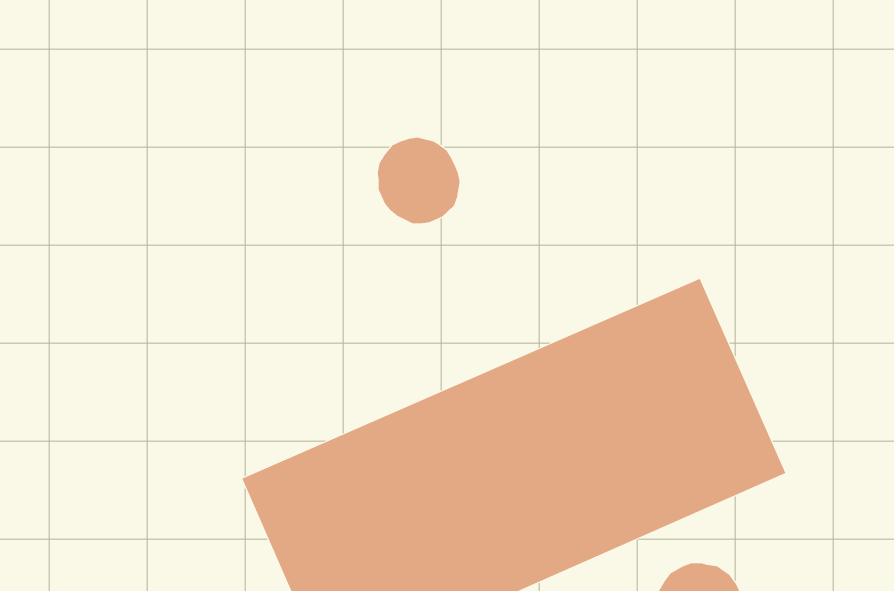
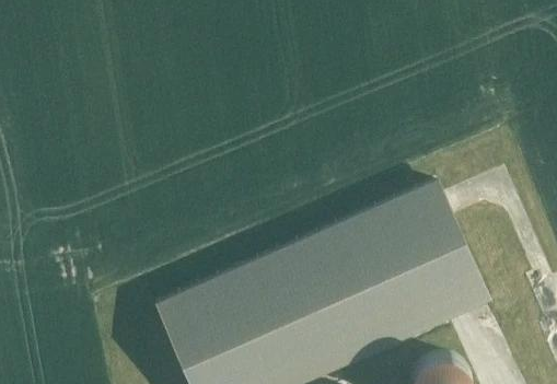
building: [377,137,460,224] -> none

